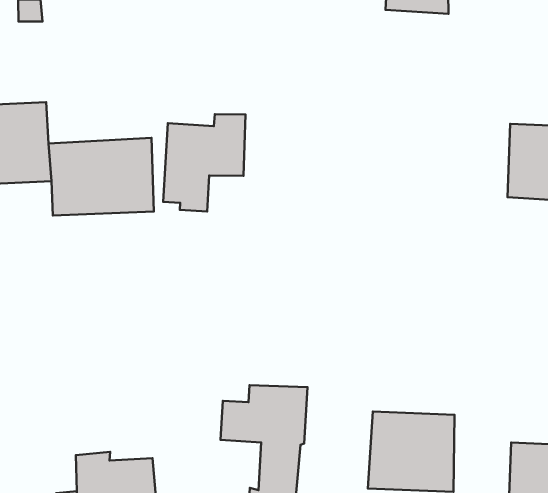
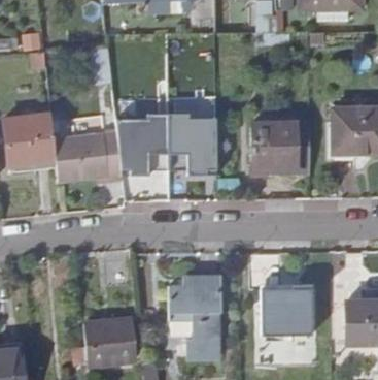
building: none -> [172,114,221,172]
building: none -> [251,123,310,173]

